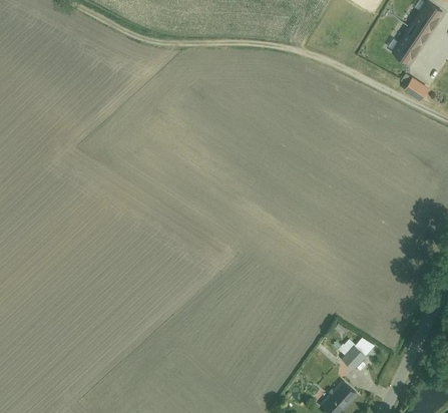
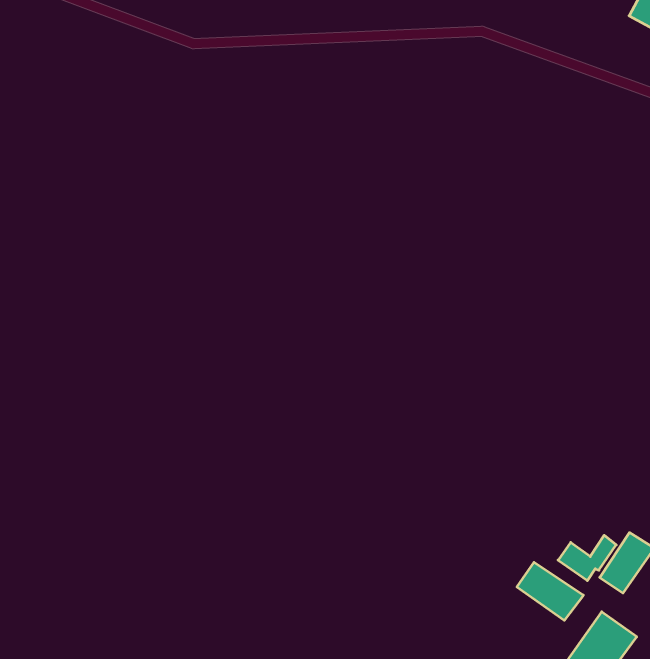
building: none -> [517,562,583,620]

